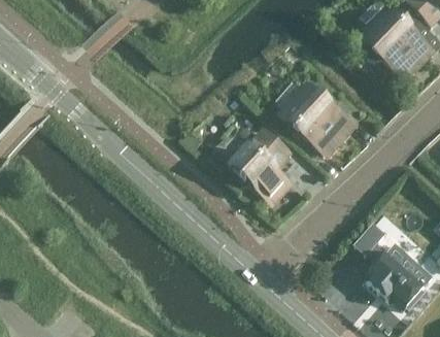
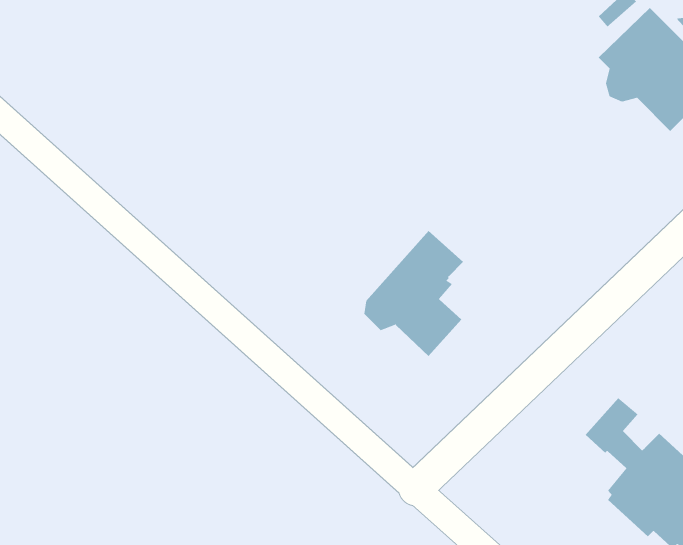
building: [281,81,352,150] -> none

